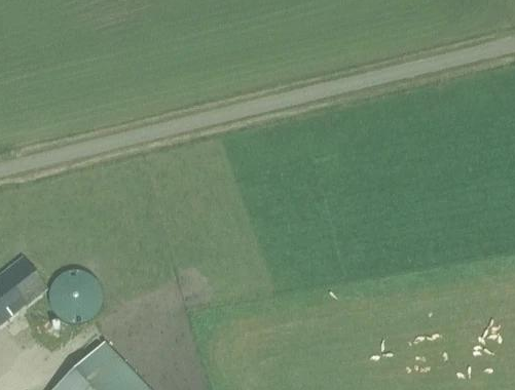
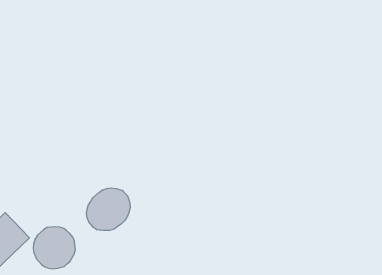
building: none -> [87,188,130,231]

